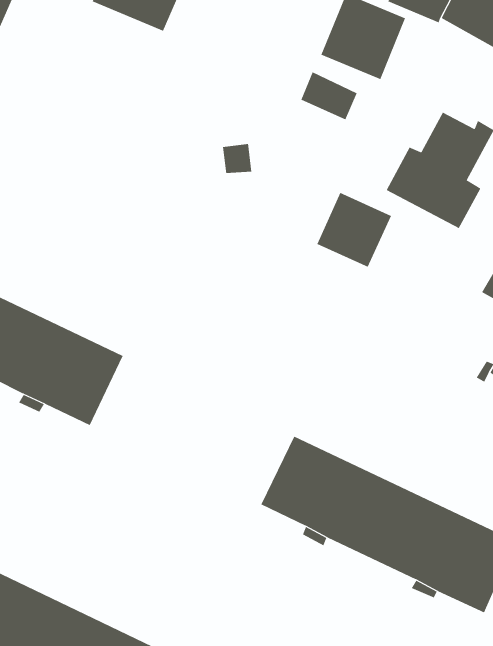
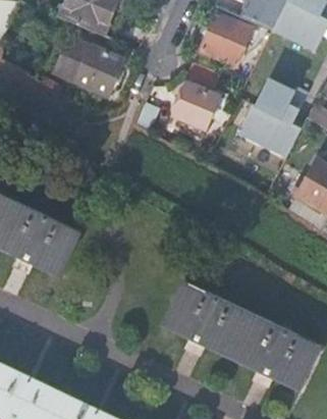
building: none -> [55,37,122,94]
building: [316,192,392,267] -> [172,83,218,128]

